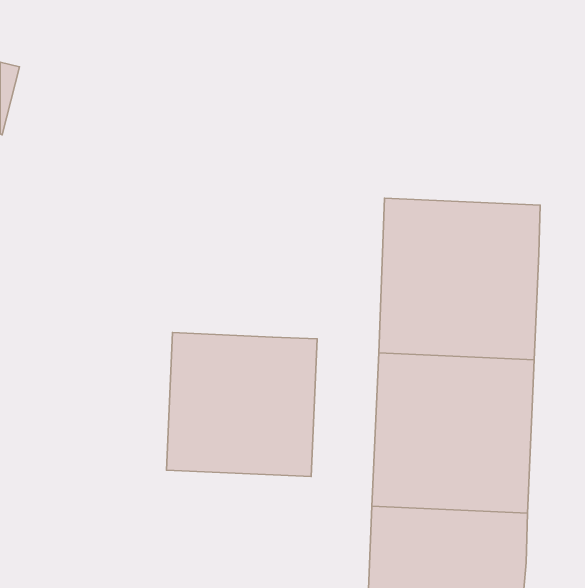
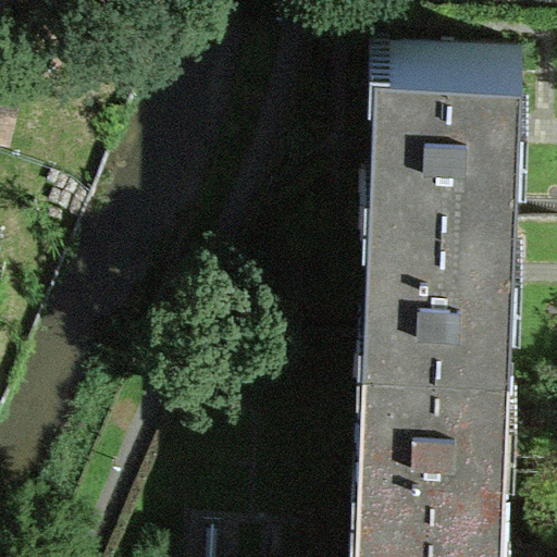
building: none -> [367,40,520,195]
building: [166,333,317,477] -> none

